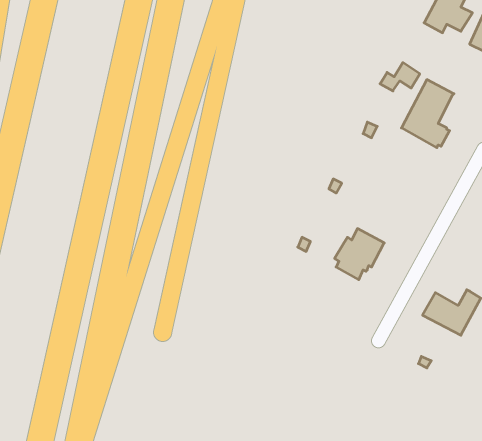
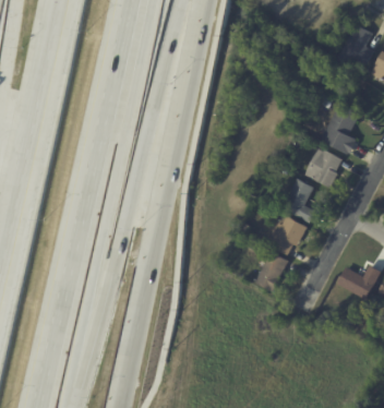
building: none -> [304,148,343,188]
building: none -> [283,179,316,223]
building: none -> [256,251,289,291]

